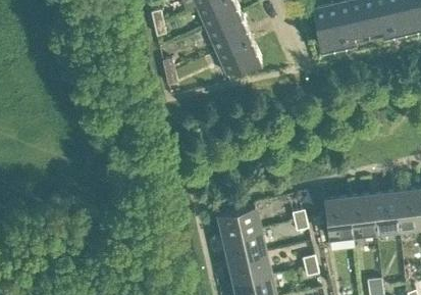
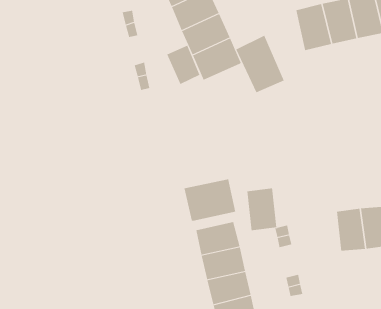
building: none -> [236,35,285,93]
building: none -> [166,45,200,85]
building: none -> [184,179,236,222]
building: [324,198,353,238] -> [246,188,277,231]

